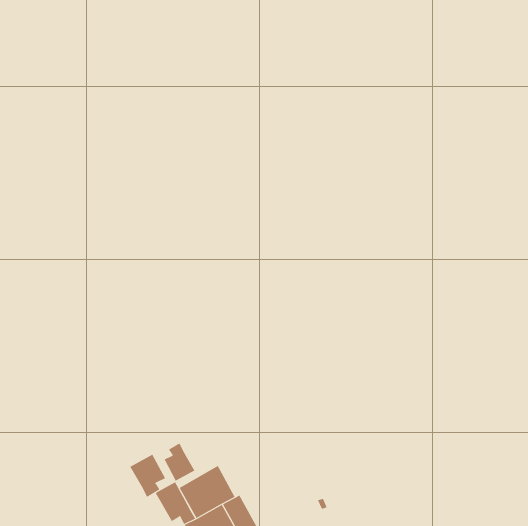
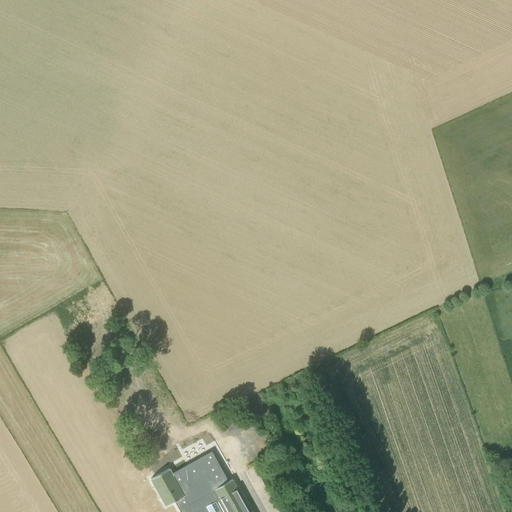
building: [164,442,195,482] -> none
building: [130,454,166,498] -> none

